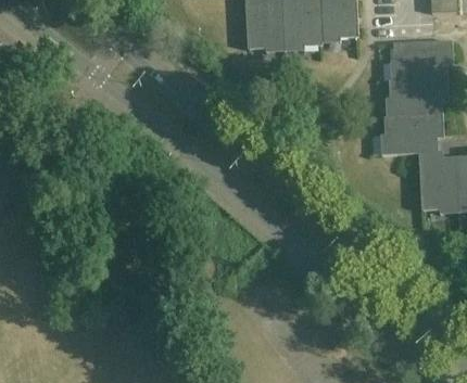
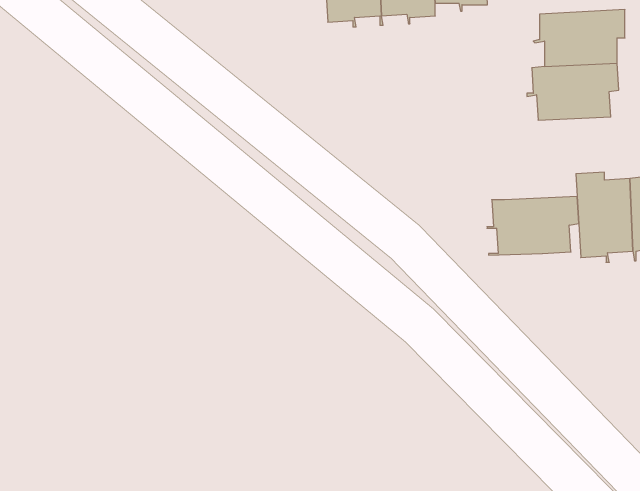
building: [381,114,444,154] -> [487,197,579,255]

